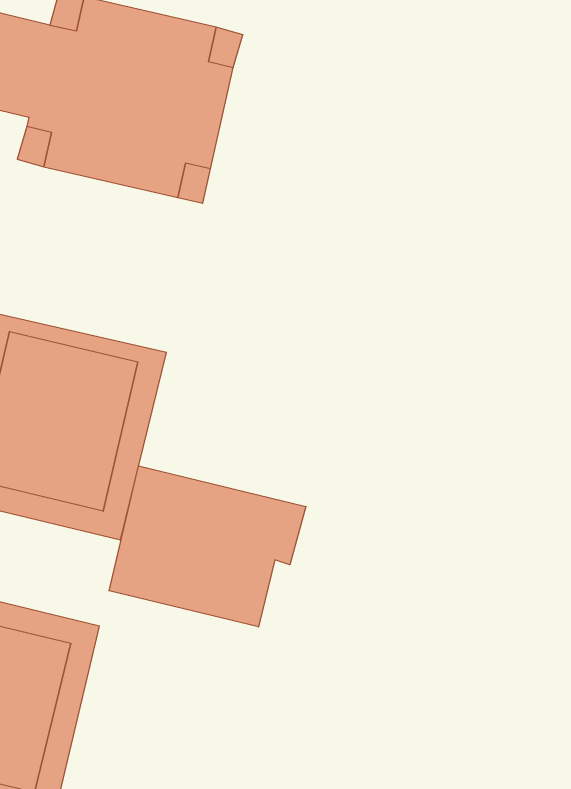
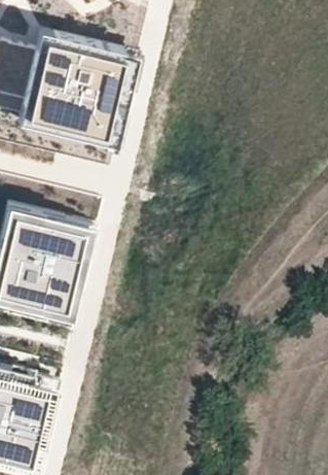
building: [109,466,306,627] -> none

